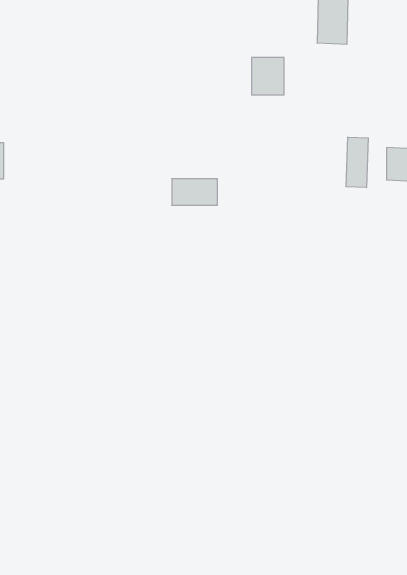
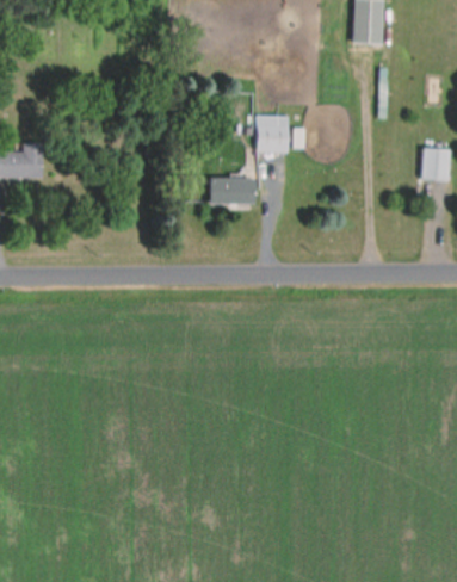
building: [252,58,284,95] -> [258,116,290,153]
building: [346,137,368,188] -> none

